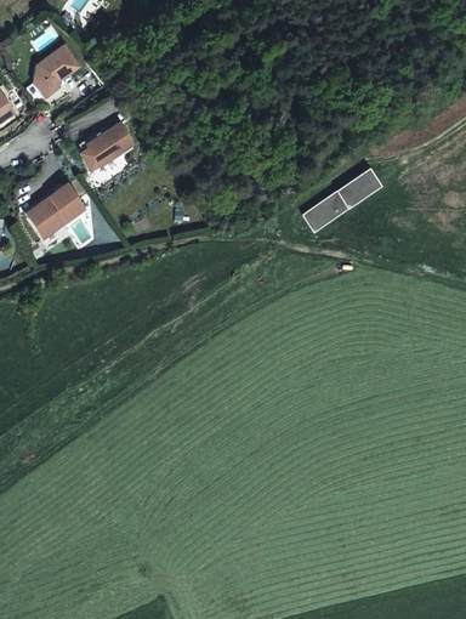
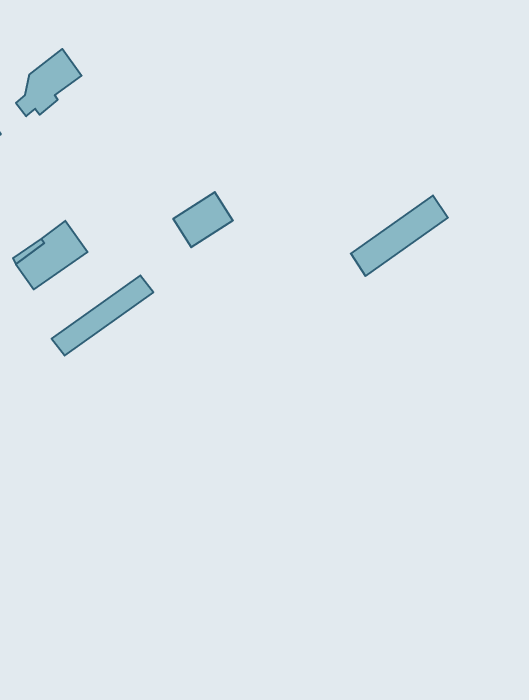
building: [86,123,135,167] -> [173,192,233,247]
building: none -> [52,275,153,356]

